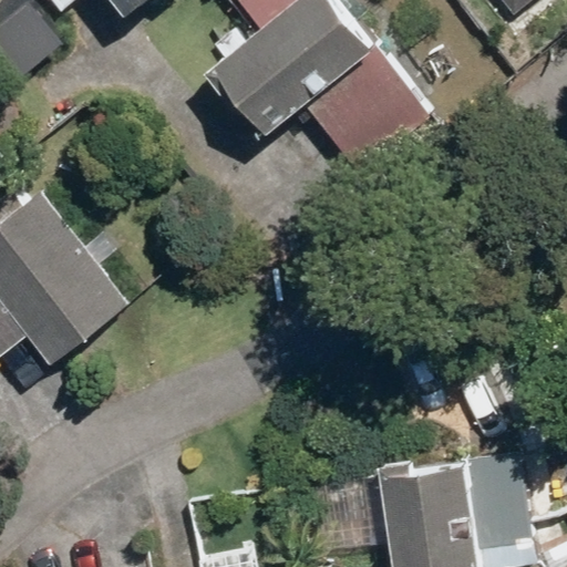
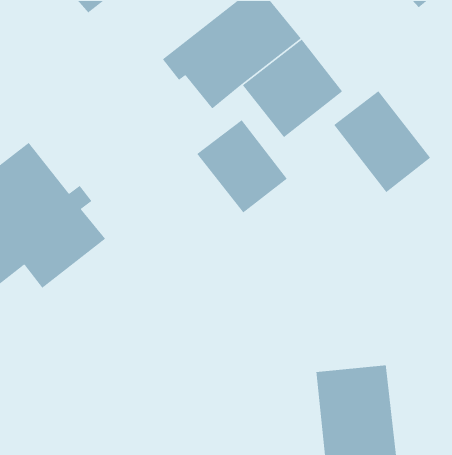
building: none -> [333,90,431,193]
building: none -> [196,119,288,214]

